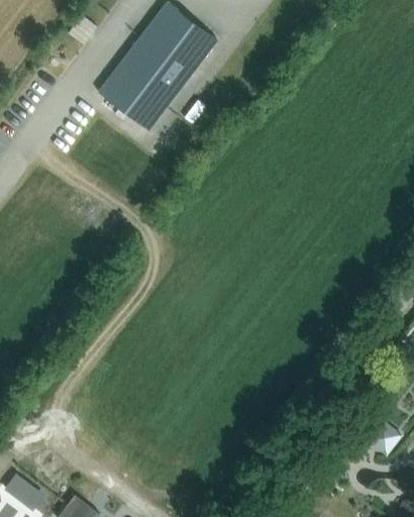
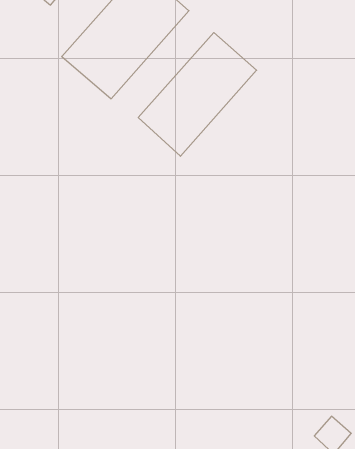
building: none -> [138,33,257,156]

